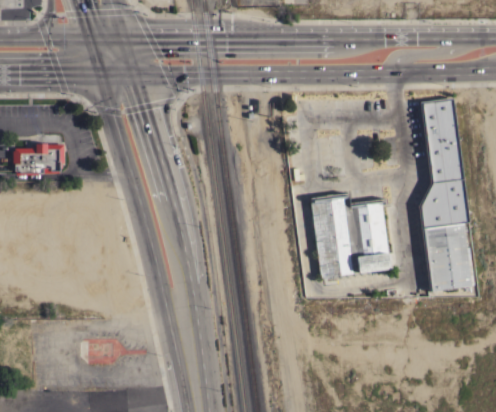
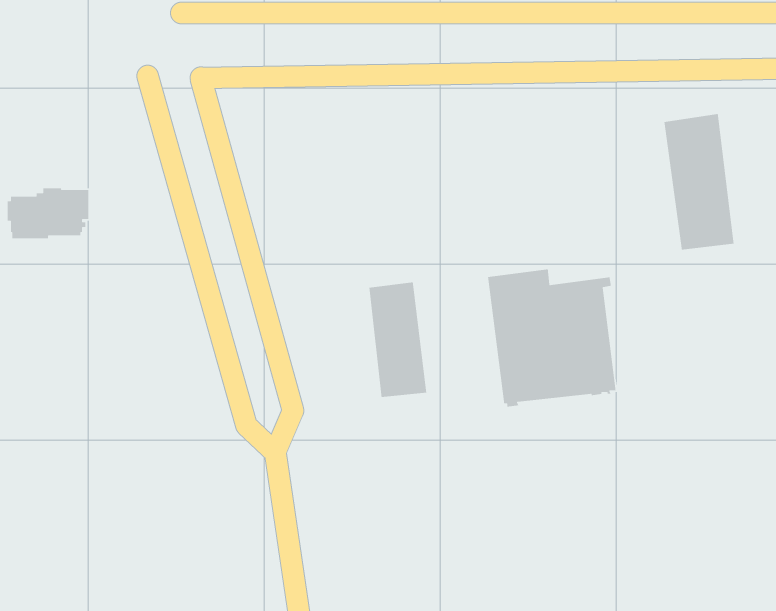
building: [419,179,473,292] -> none
building: none -> [369,282,427,398]

